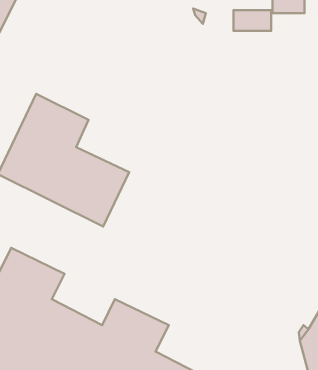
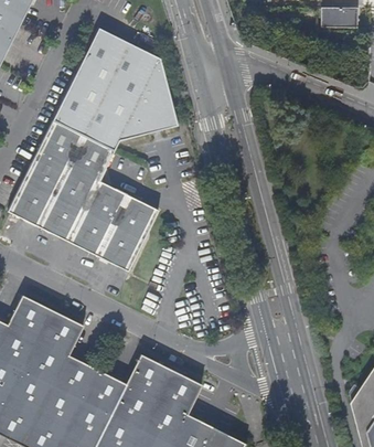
building: [233,10,271,31] -> none
building: none -> [51,26,174,149]

